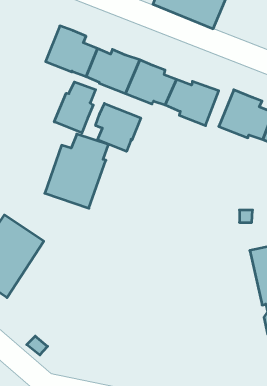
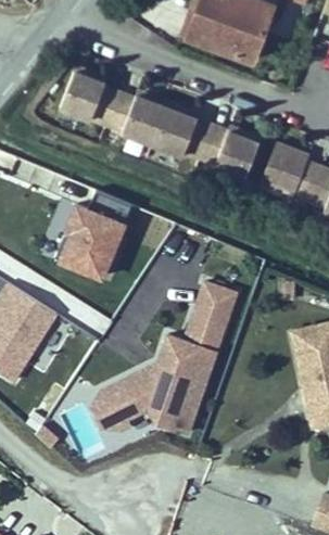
building: [54,82,96,133] -> none
building: [96,103,141,151] -> none
building: none -> [96,281,237,429]

